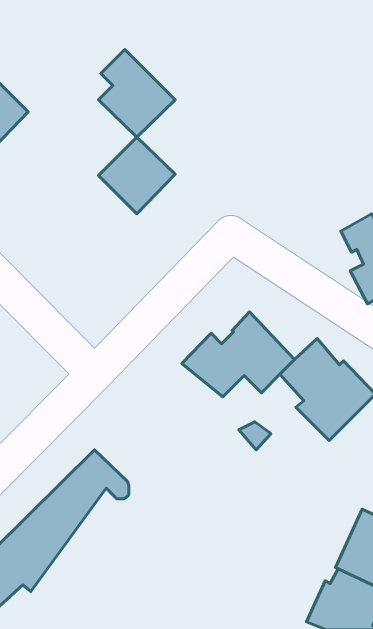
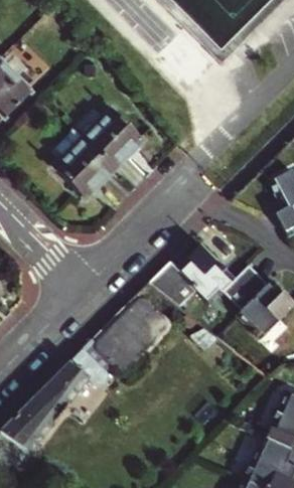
building: [98,50,175,137] -> [55,131,114,197]
building: none -> [90,290,172,373]

